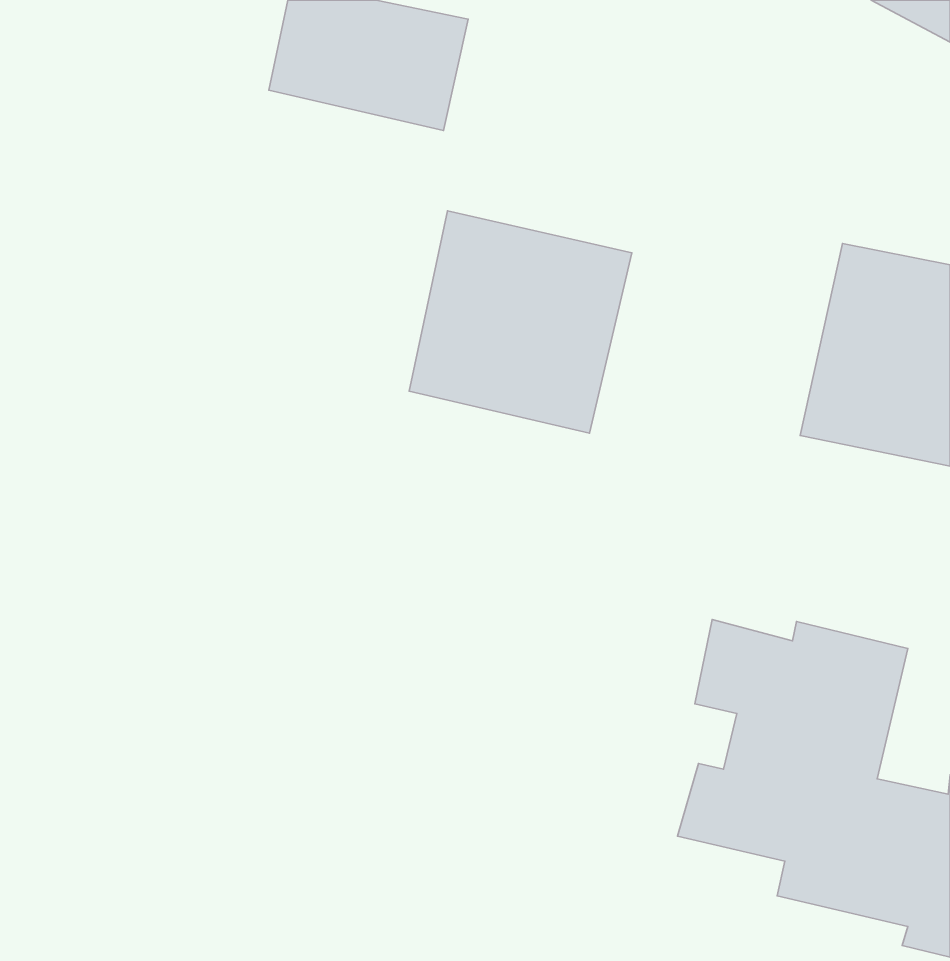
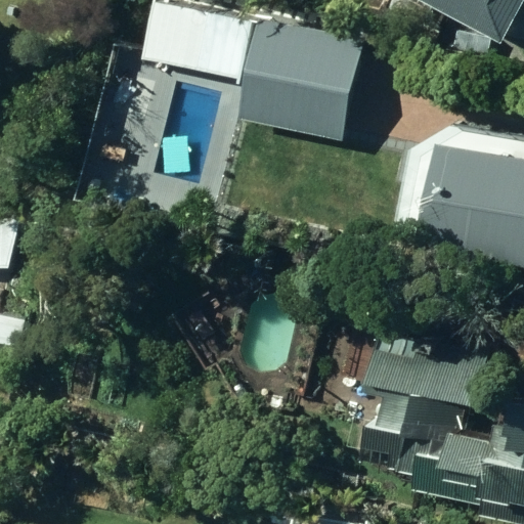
building: [409,211,632,433] -> [244,19,362,138]

